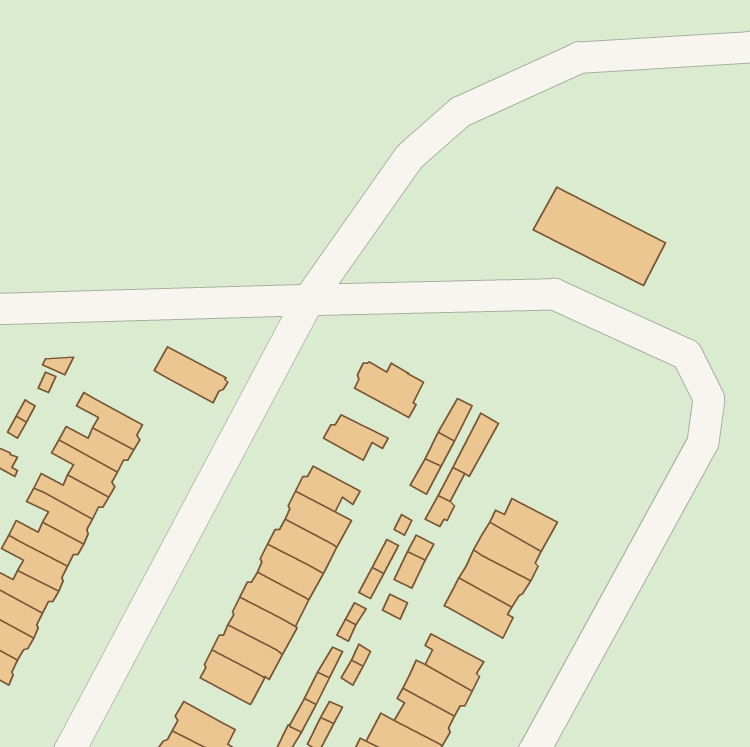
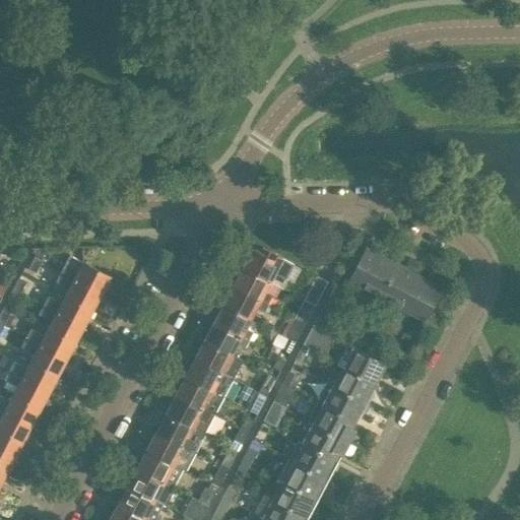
building: [533,187,666,286] -> [349,252,441,320]
building: [154,347,228,403] -> [58,258,109,297]
building: none -> [236,271,272,306]
building: none -> [216,306,253,342]
building: none -> [298,425,347,460]
building: none -> [127,471,175,503]

